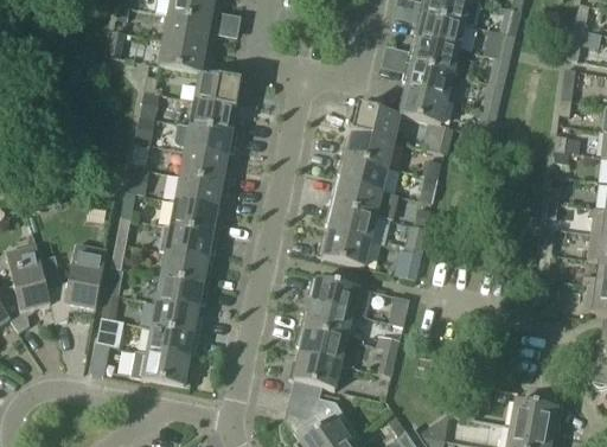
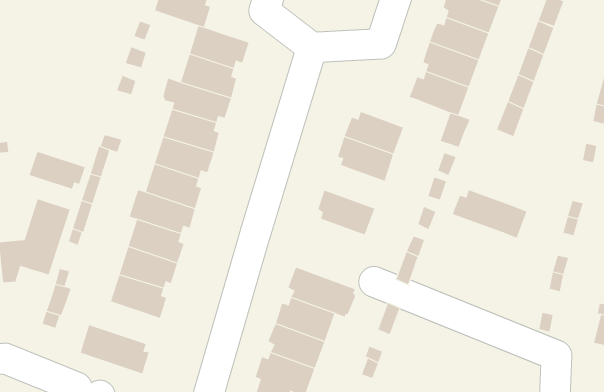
building: [349,103,400,140] -> none
building: [328,180,395,218] -> [452,190,527,239]
building: none -> [29,151,86,190]
building: [317,230,370,266] -> none
building: [147,326,198,359] -> none

